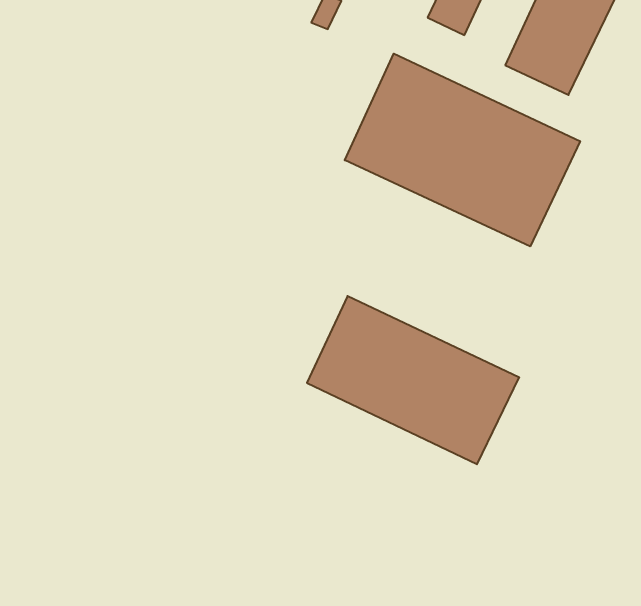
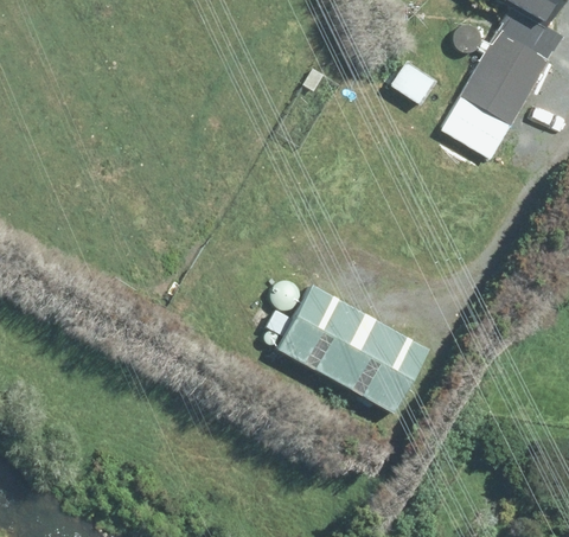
building: [345,54,580,246] -> none

